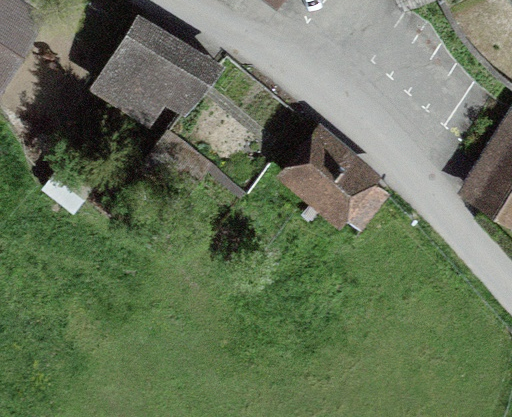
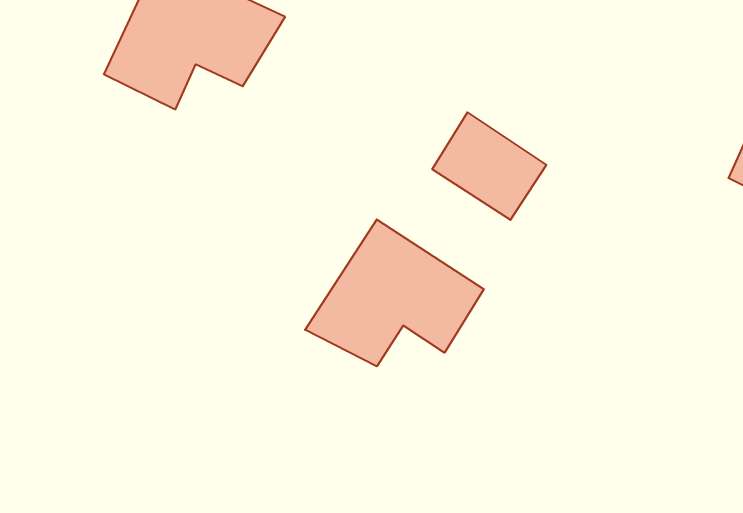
building: none -> [305,219,484,366]

